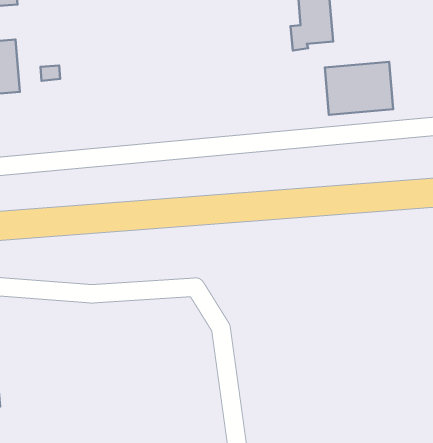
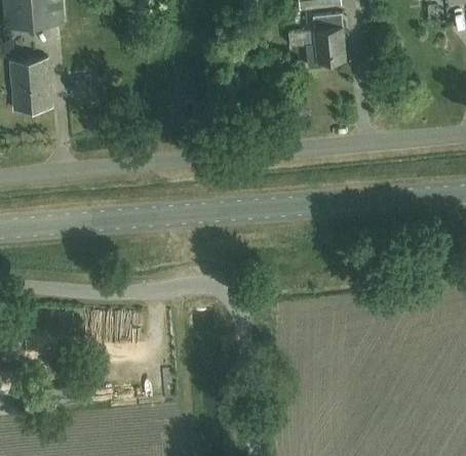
building: [325,62,393,115] -> none

